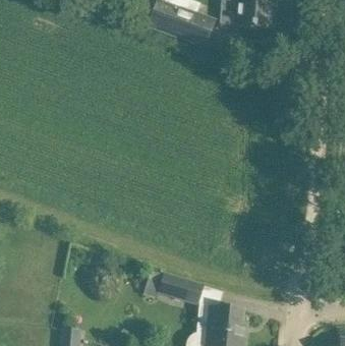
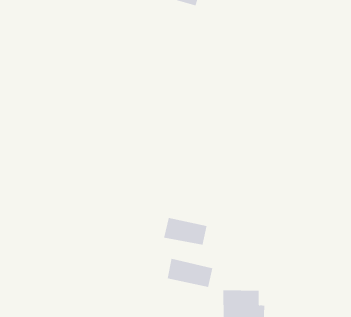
building: none -> [164,217,207,246]

